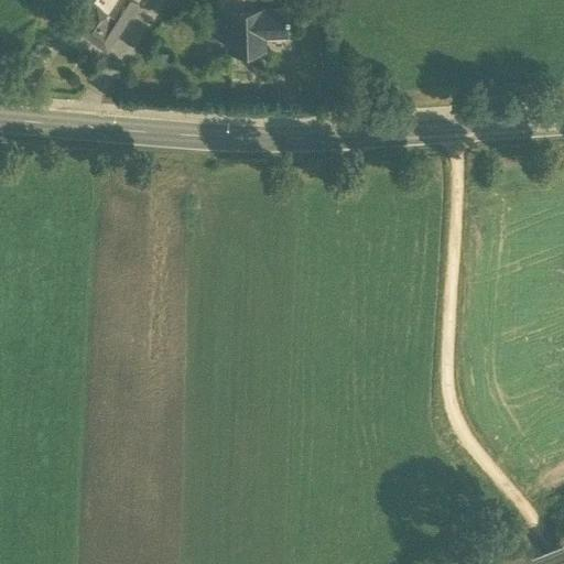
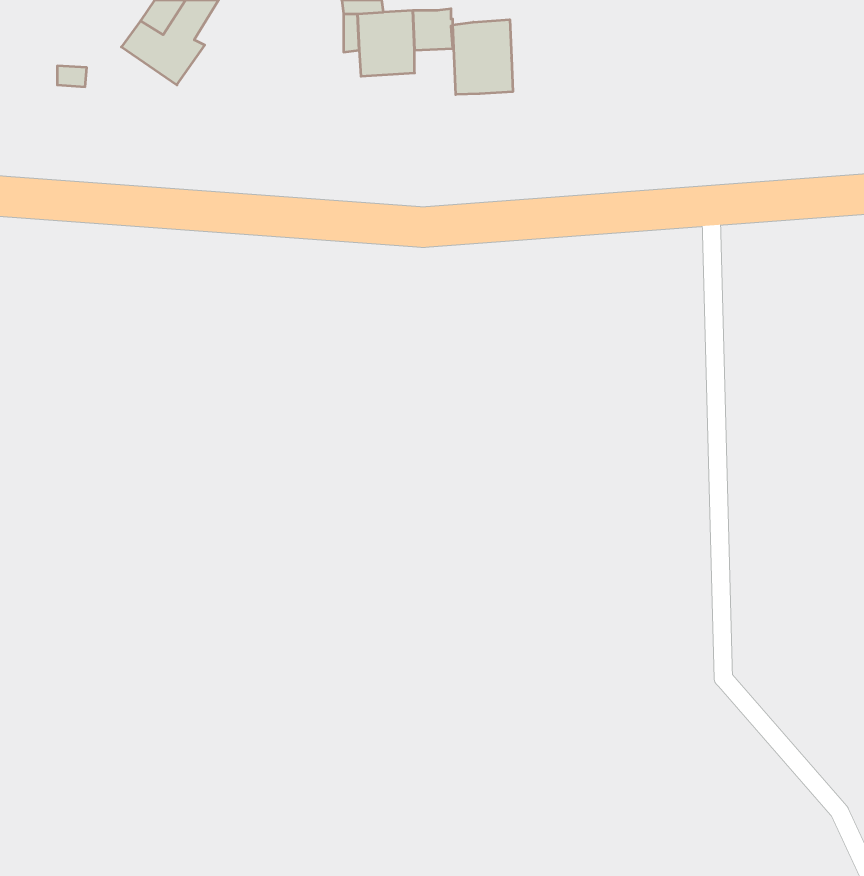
building: none -> [453,20,513,95]

